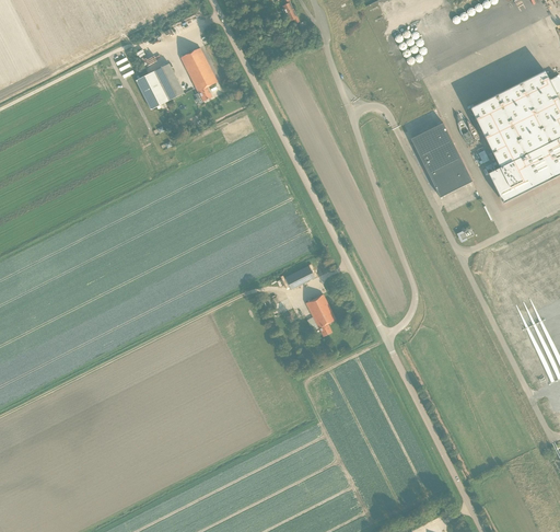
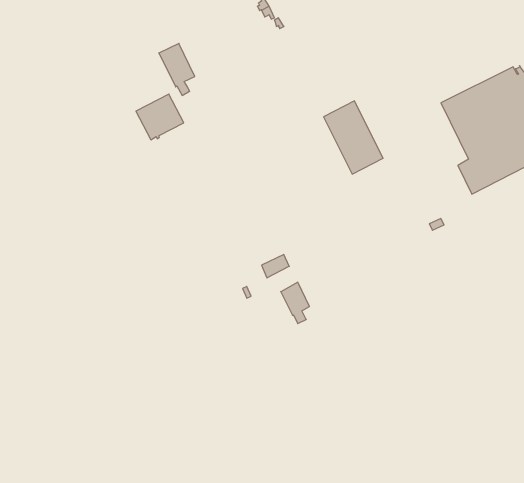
building: [135,62,184,109] -> [136,94,184,140]
building: [410,122,471,197] -> [324,101,383,174]

